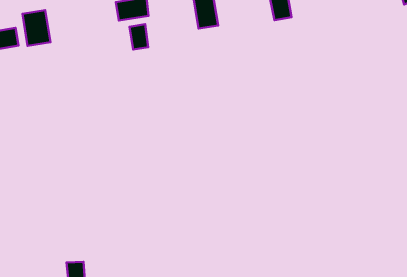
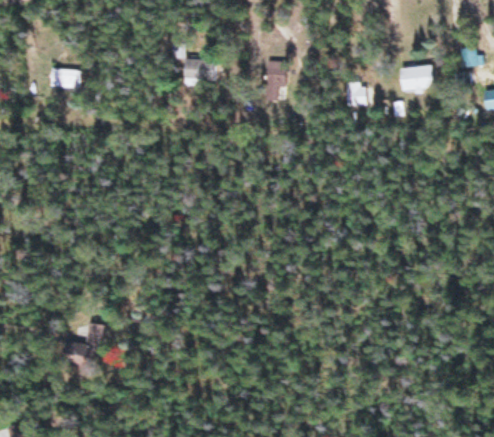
building: [22,10,51,46] -> none
building: [130,24,148,50] -> none

